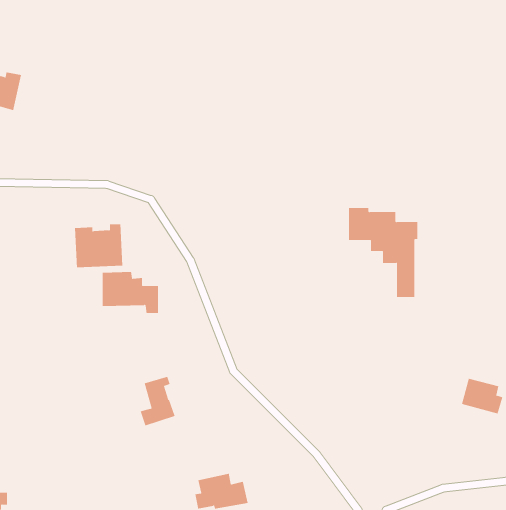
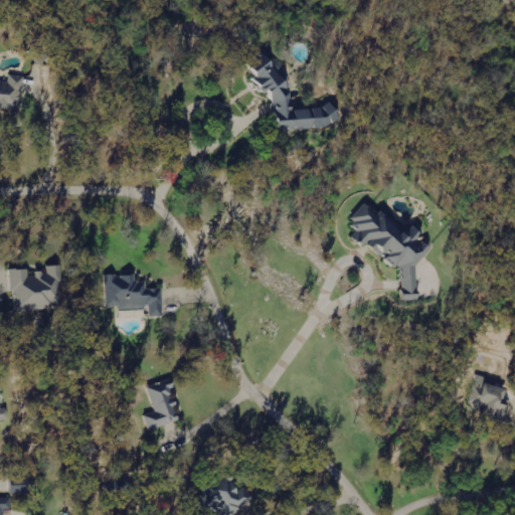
building: none -> [253,60,339,130]
building: [74,224,123,268] -> [9,265,58,309]

